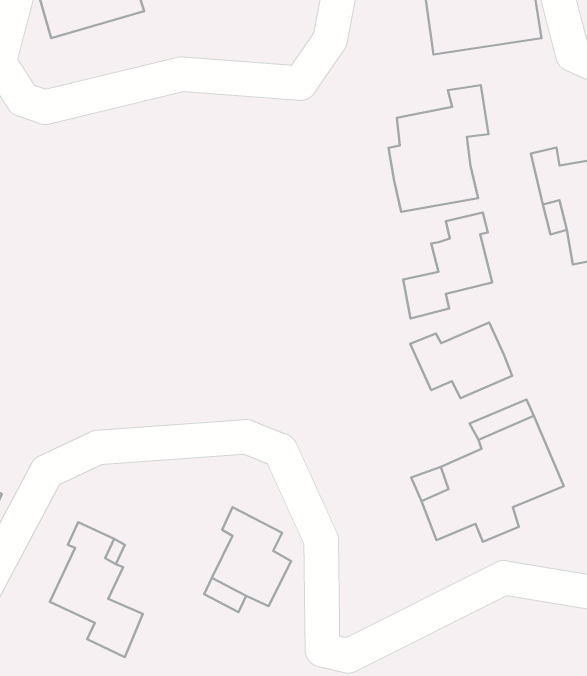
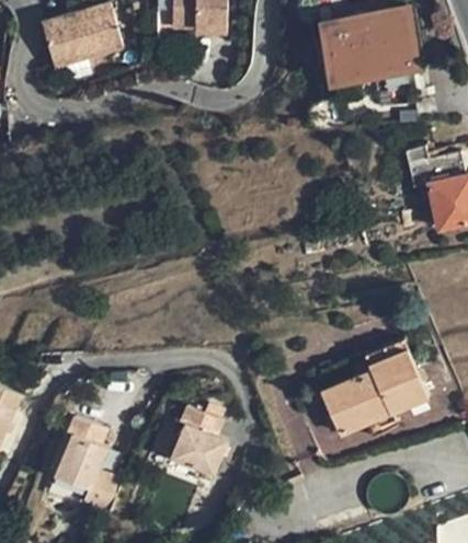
building: [389,85,488,212] -> none
building: [403,212,492,318] -> none
building: [410,322,512,398] -> none

